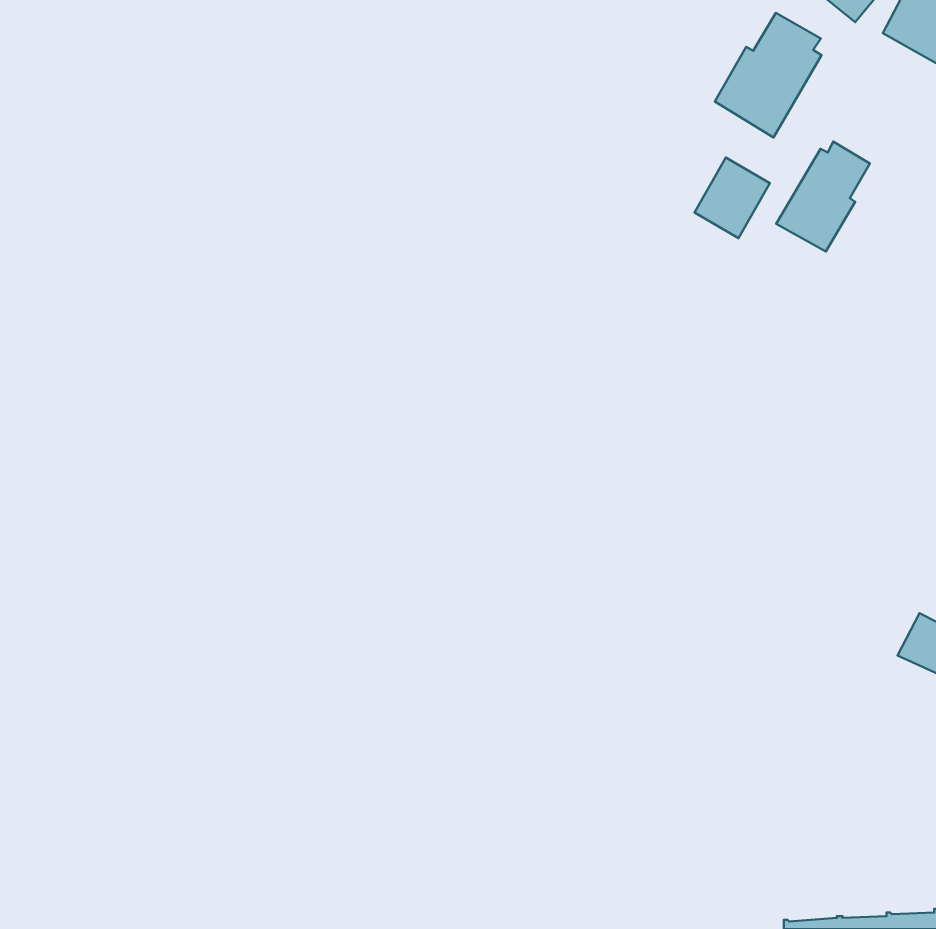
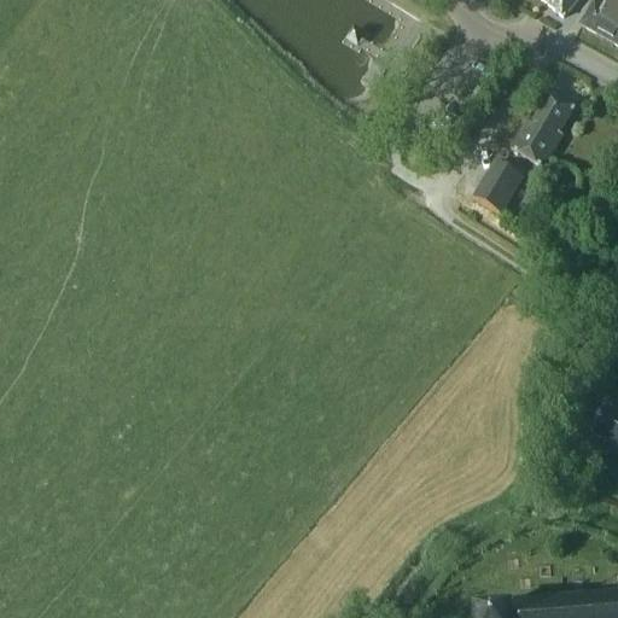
building: [715,13,821,137] -> none
building: [695,157,770,238] -> [474,158,524,211]

